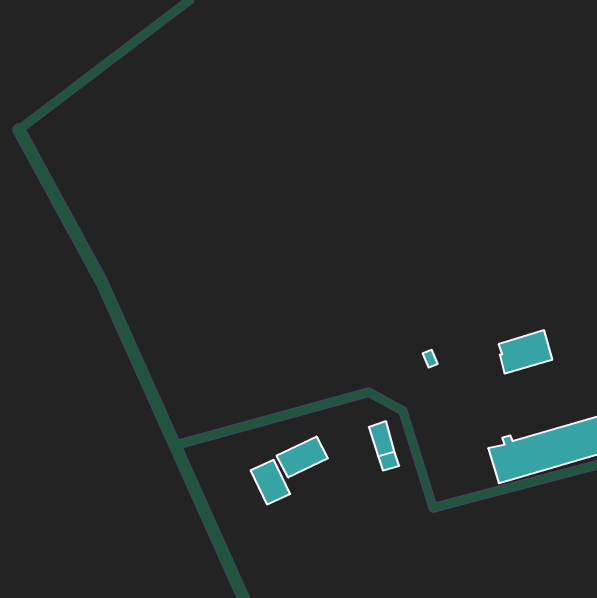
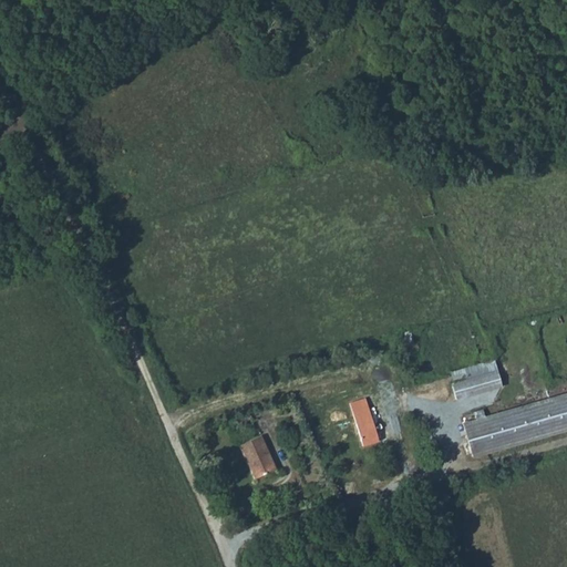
building: [499,330,552,373] -> [451,359,502,400]
building: [277,436,328,478] -> none

